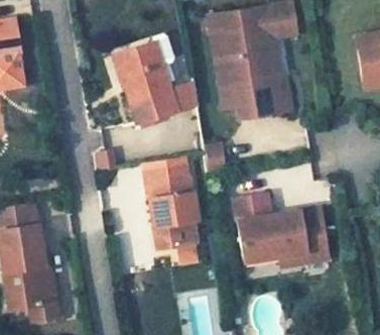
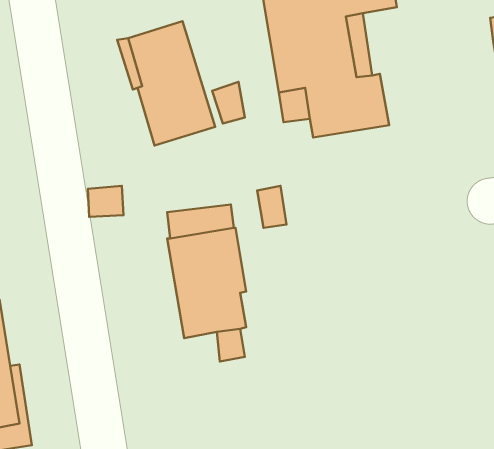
building: [234,197,328,270] -> none

